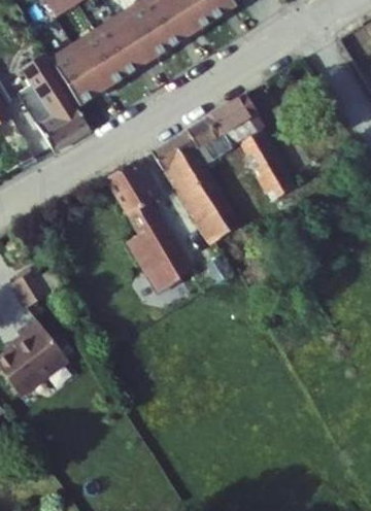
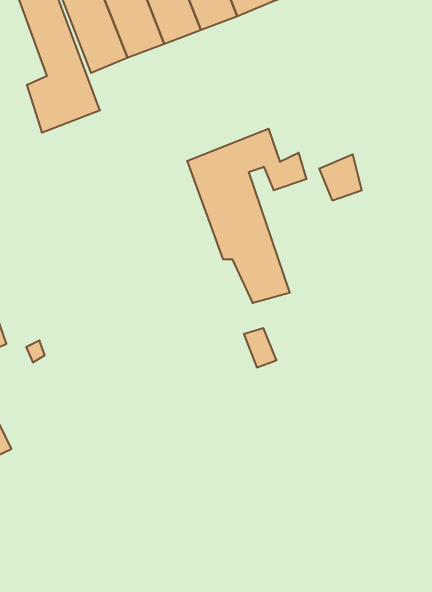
building: [201,95,256,142] -> none
building: [251,151,292,197] -> none
building: [102,164,190,297] -> none

